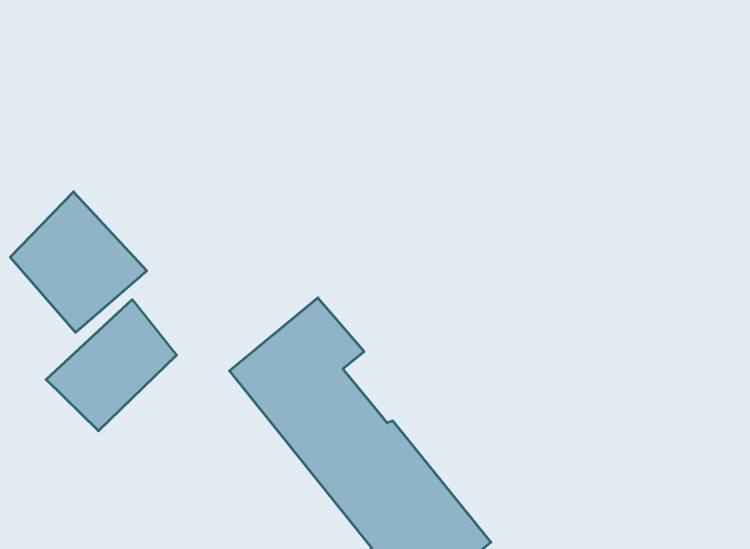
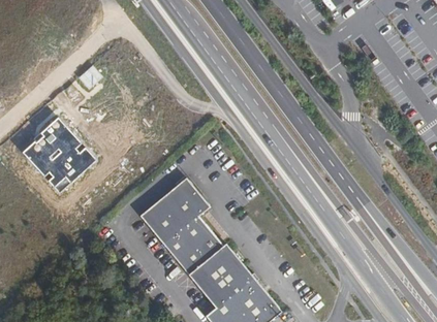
building: [46,300,177,431] -> none

